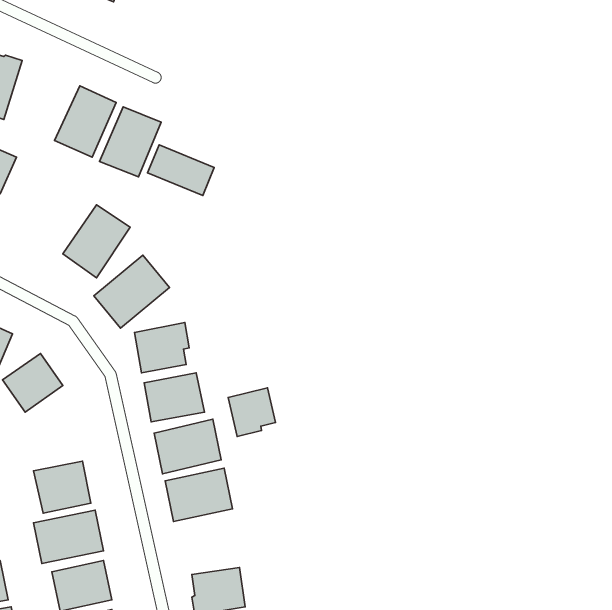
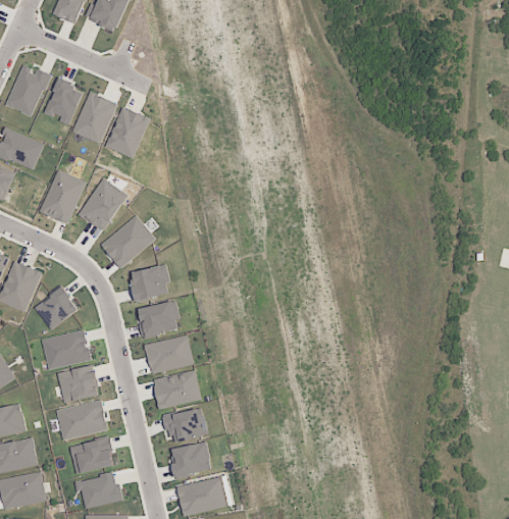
building: none -> [43,79,84,125]
building: [148,145,214,196] -> none
building: none -> [39,169,85,224]
building: [228,388,276,437] -> none
building: none -> [41,329,91,369]
building: none -> [161,407,206,443]

